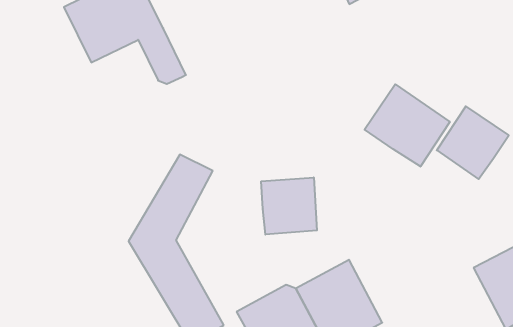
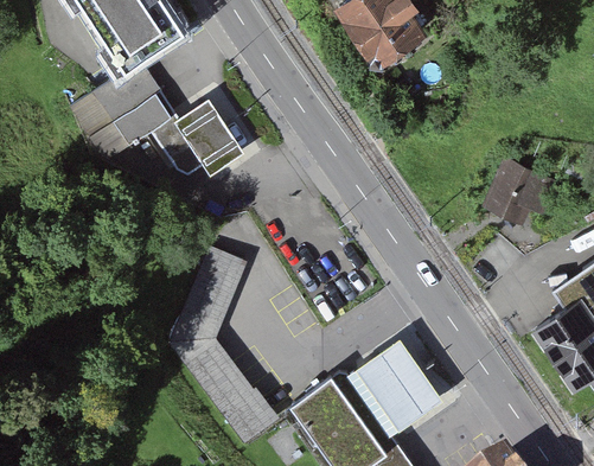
building: none -> [178,96,247,174]
building: [365,84,450,167] -> none
building: [261,177,317,235] -> none

